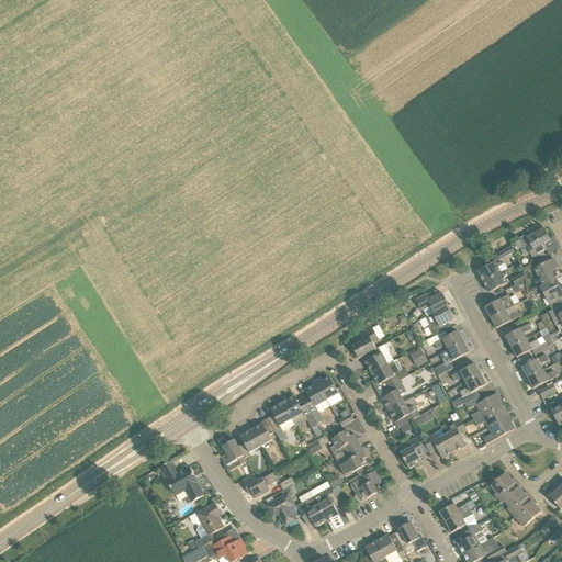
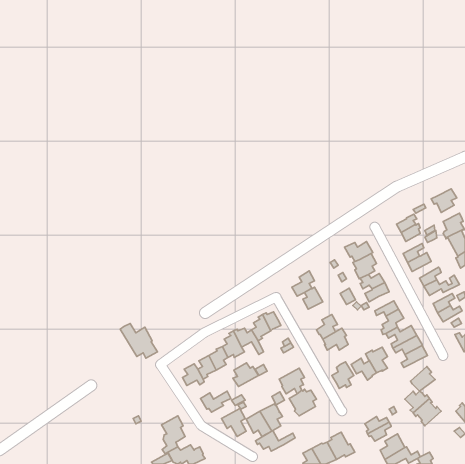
building: [371,360,409,385] -> none
building: [329,428,360,457] -> [233,363,258,386]
building: [159,460,204,502] -> [120,324,158,358]
building: [512,495,541,525] -> [410,367,435,391]
building: none -> [255,430,295,451]

